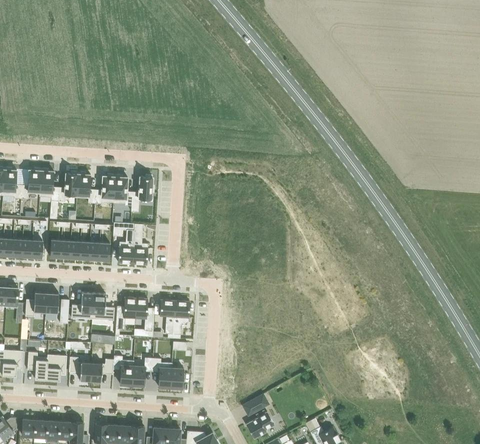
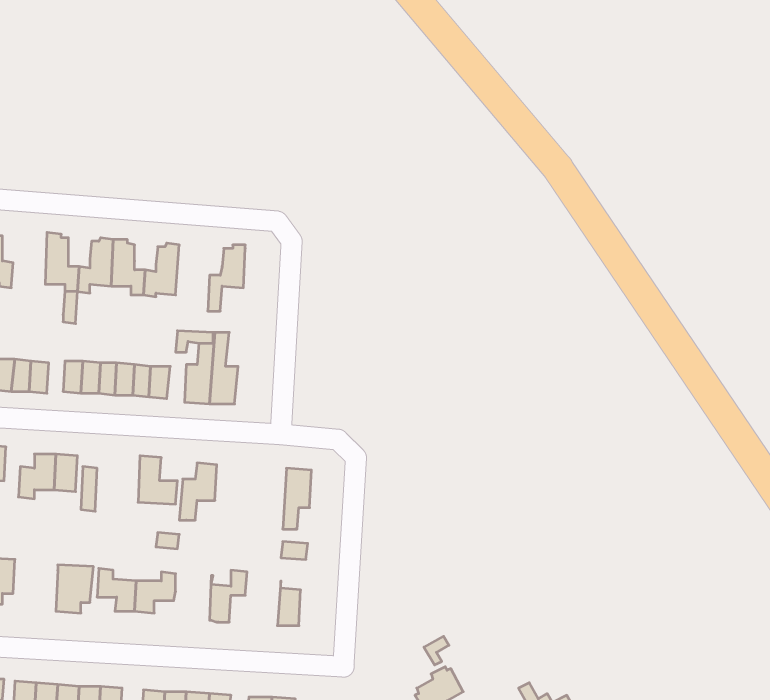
building: [21,168,41,199] -> none
building: [113,175,132,212] -> none
building: [71,292,93,319] -> none
building: [135,298,154,331] -> none
building: [160,299,175,334] -> none
building: [27,352,47,380] -> none
building: [113,355,133,385] -> none
building: [152,358,172,388] -> none

